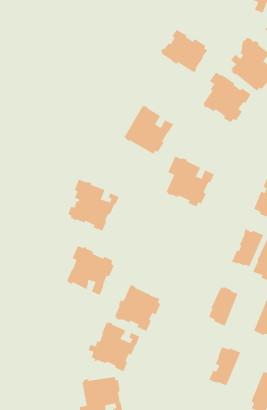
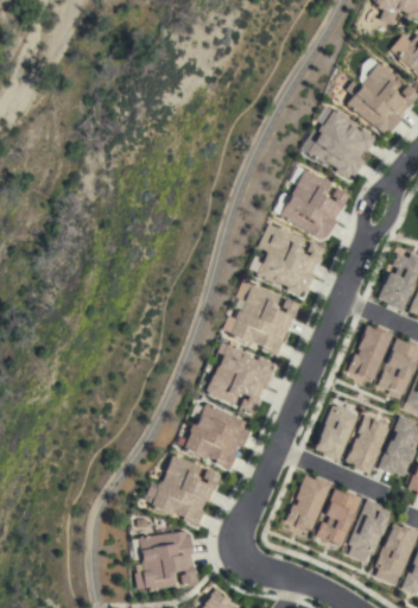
building: [160,29,209,73] -> none
building: [123,105,174,155] -> [279,169,350,239]
building: [67,179,120,231] -> [227,280,300,354]
building: [66,245,115,296] -> [207,342,274,413]
building: none -> [346,414,390,474]
building: none -> [286,475,332,530]
building: none -> [348,499,391,562]

